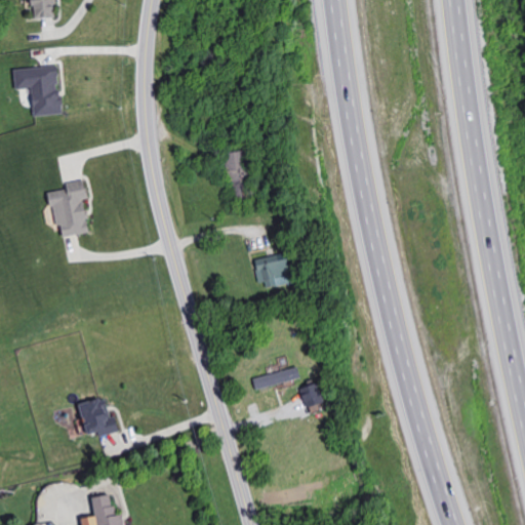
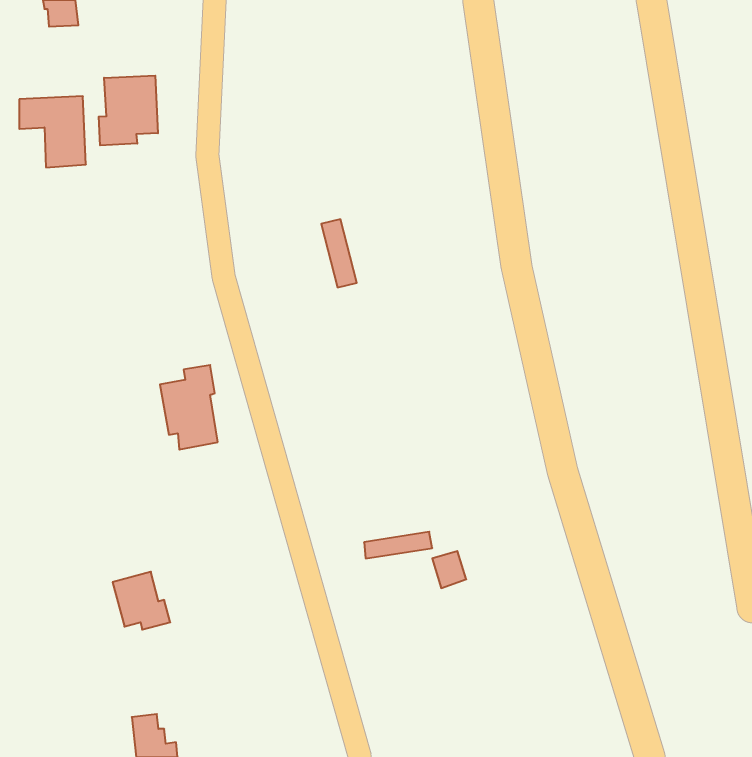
building: none -> [99,76,158,145]
building: [48,179,88,238] -> [160,365,218,450]
building: [254,253,291,289] -> none

